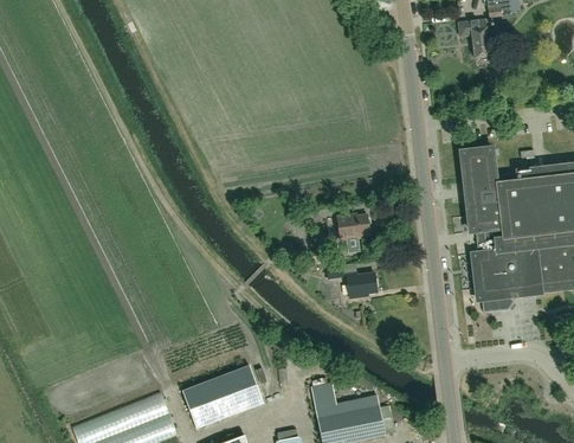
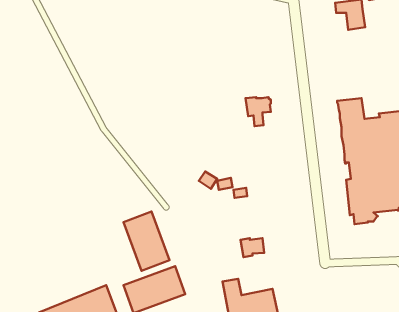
building: [336,214,369,252] -> [245,97,271,126]
building: [346,272,376,297] -> [241,238,264,257]
building: none -> [124,212,169,271]

